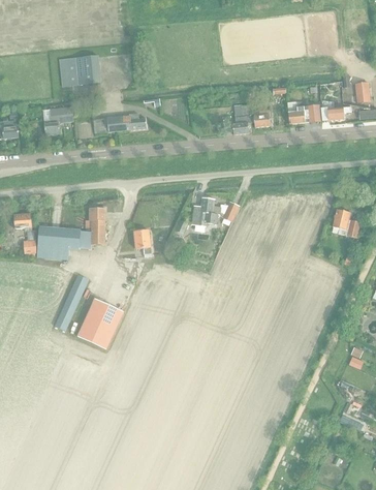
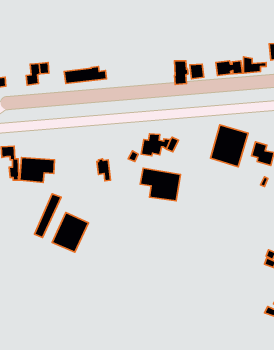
building: [64,55,100,87] -> none
building: none -> [211,125,248,167]
building: [80,209,105,249] -> none
building: none -> [140,168,181,201]

